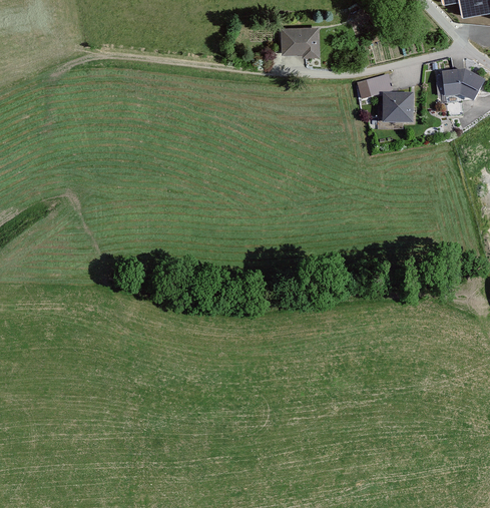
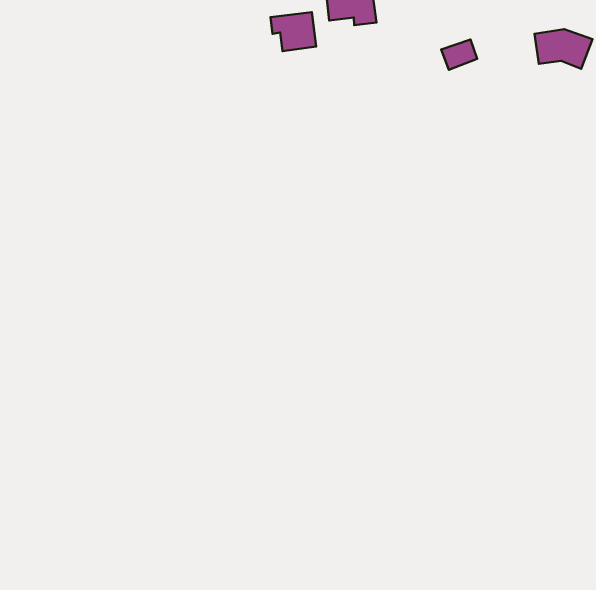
building: none -> [270,12,316,51]
building: [382,94,413,126] -> none

